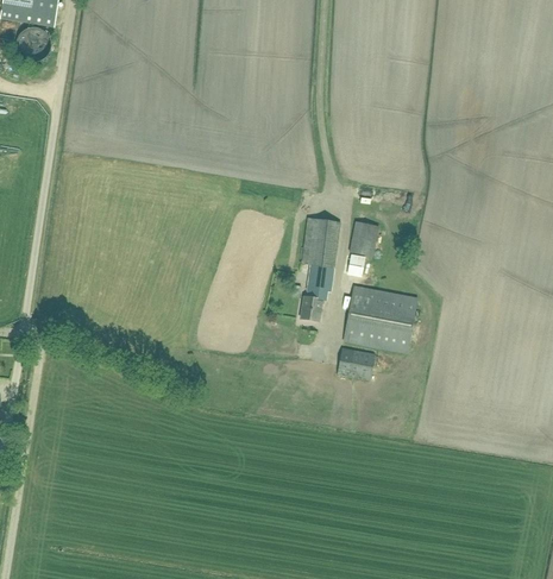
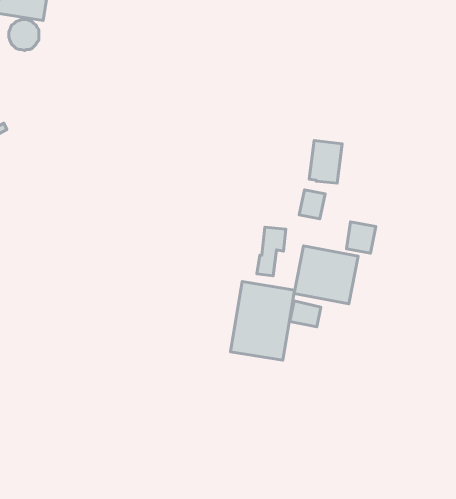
building: [301,218,339,266] -> [309,141,342,183]
building: none -> [346,222,376,253]
building: none -> [230,282,295,360]

